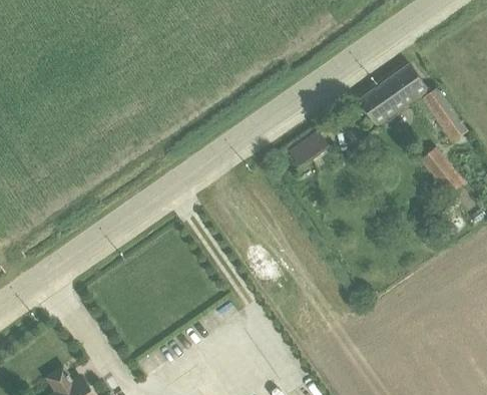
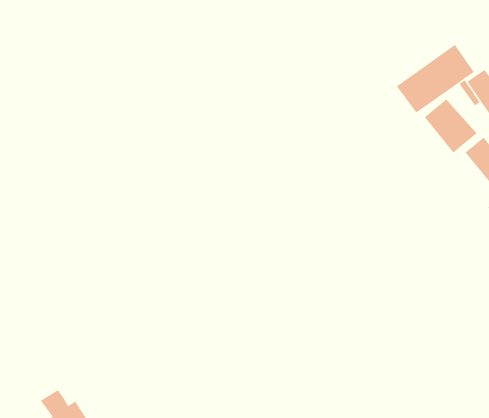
building: none -> [424,99,477,153]
building: [288,131,328,166] -> none

